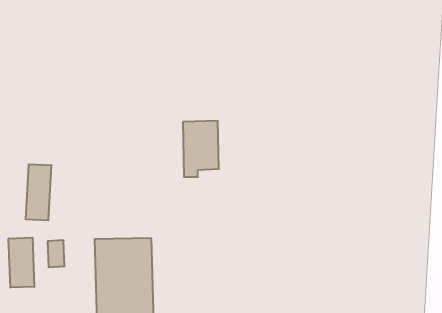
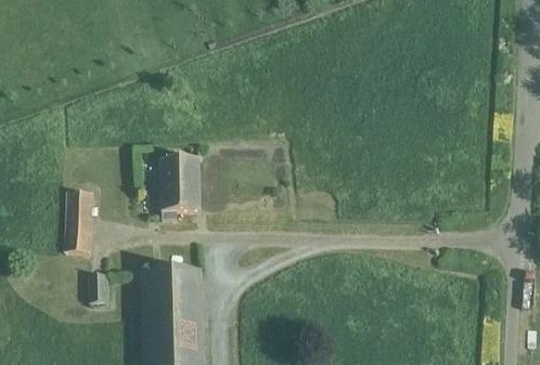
building: [183,121,219,177] -> [160,157,200,218]
building: [9,238,34,288] -> none

